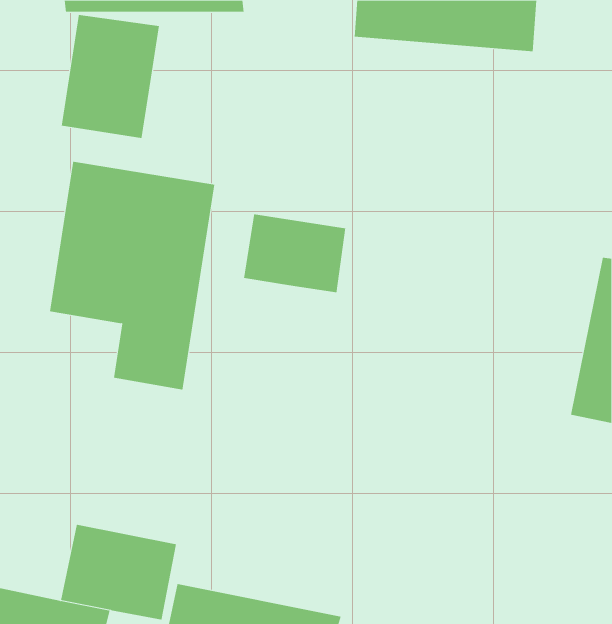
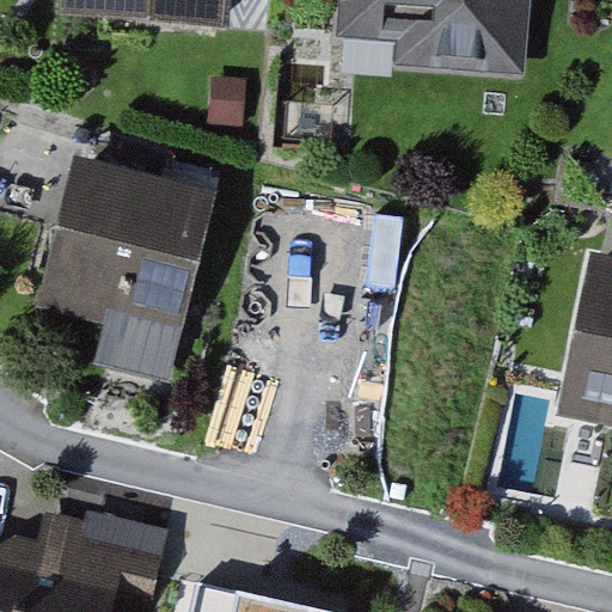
building: [61,14,160,139] -> none
building: [243,213,346,293] -> none

